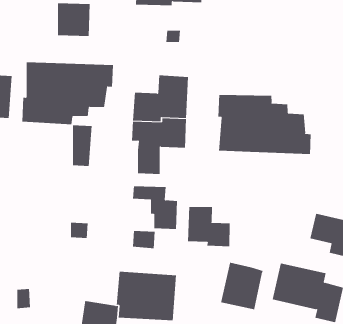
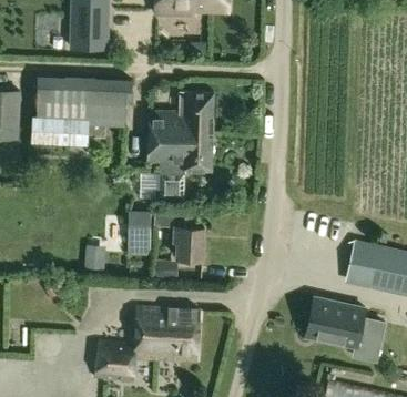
building: [218,94,311,155] -> none
building: [72,125,93,166] -> [130,210,152,255]
building: [187,206,230,247] -> none
building: [220,262,263,310] -> none

